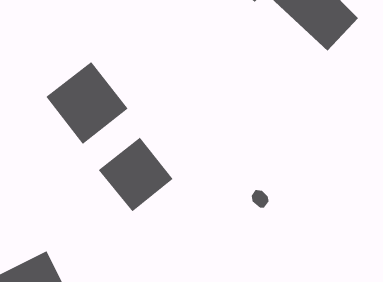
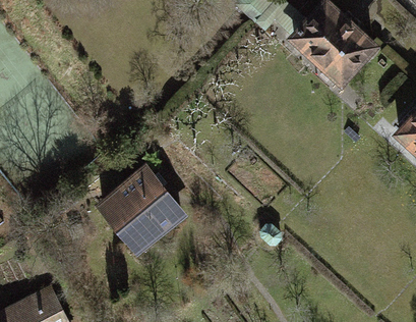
building: [46,61,129,145] -> none

